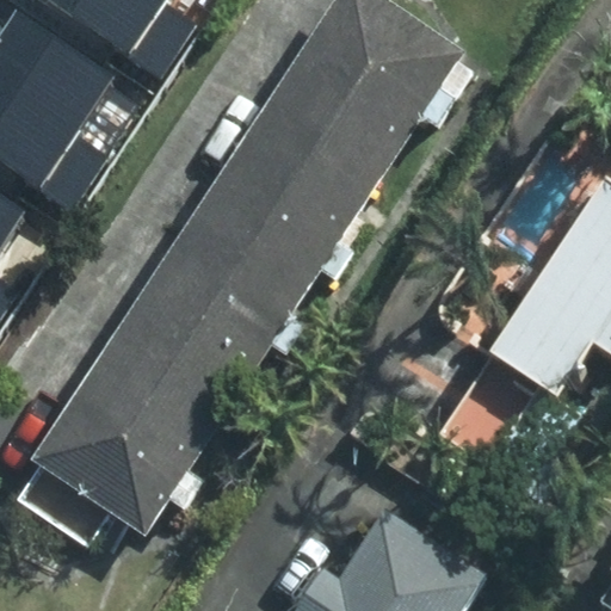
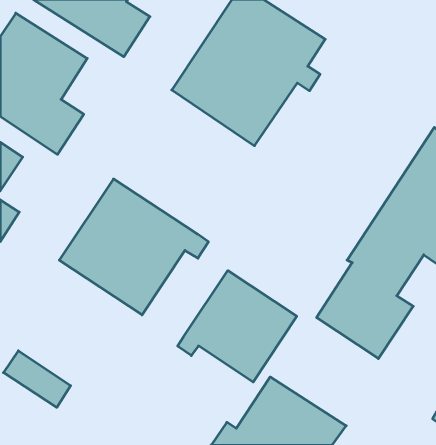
building: [168,123,362,320] -> none
building: [24,356,208,537] -> none
building: none -> [178,271,297,382]

